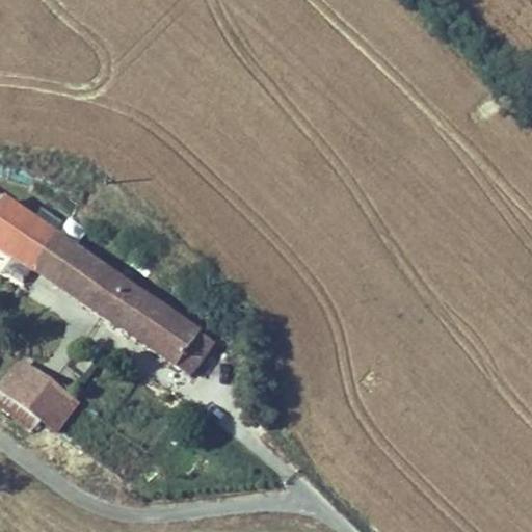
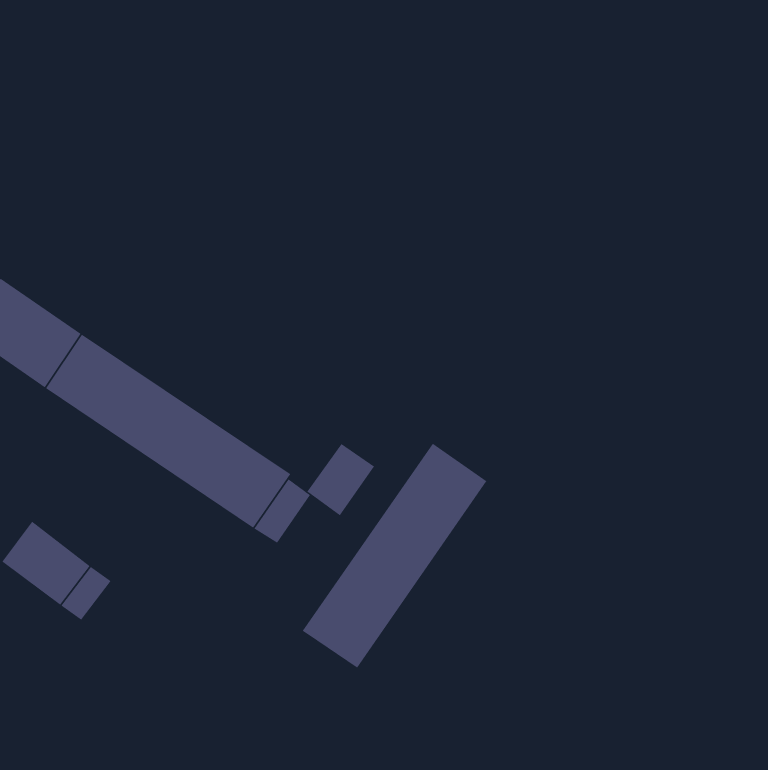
building: none -> [302,443,487,669]
building: none -> [306,443,375,516]

